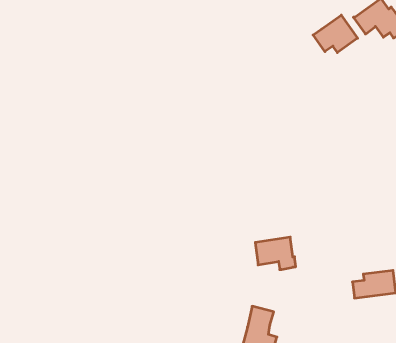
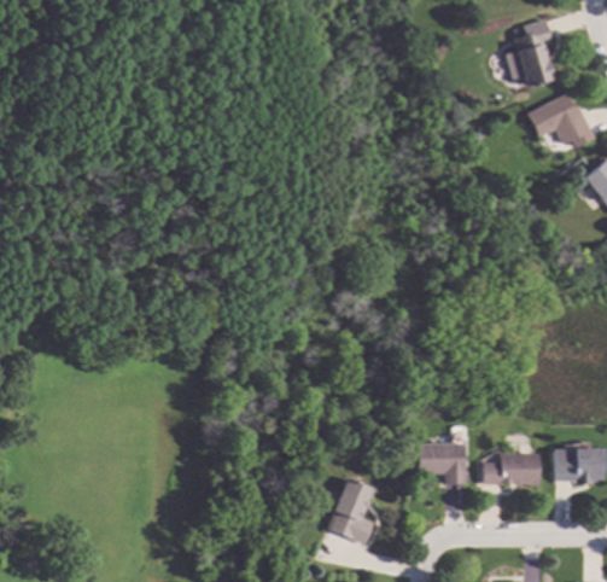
building: [313,15,358,53] -> none
building: [255,237,296,270] -> [416,443,466,484]

